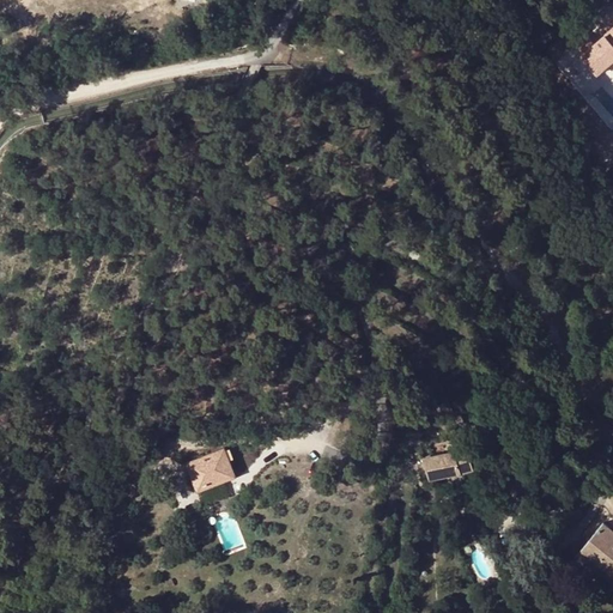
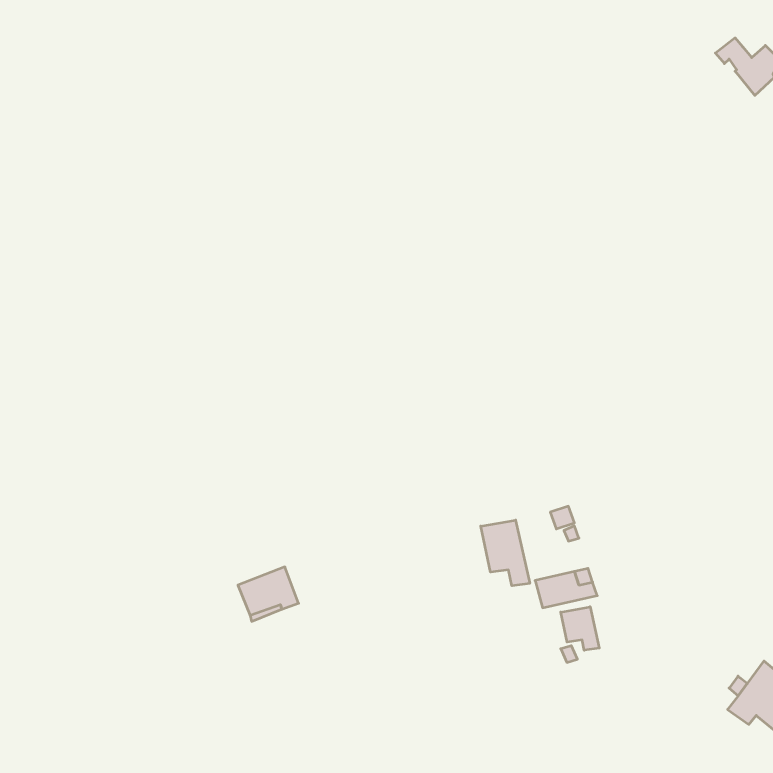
building: none -> [481,520,530,586]
building: none -> [561,607,599,650]

